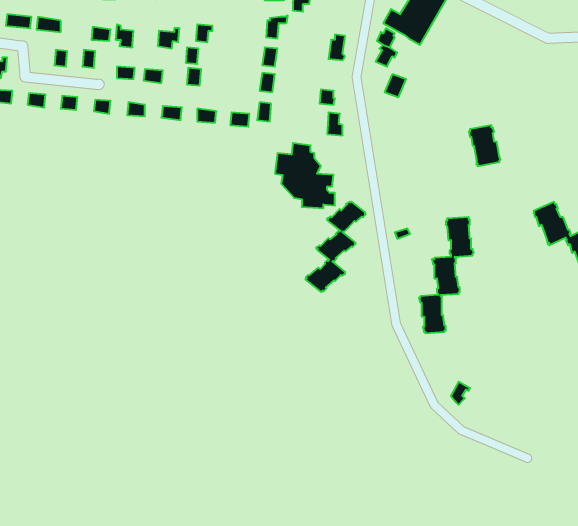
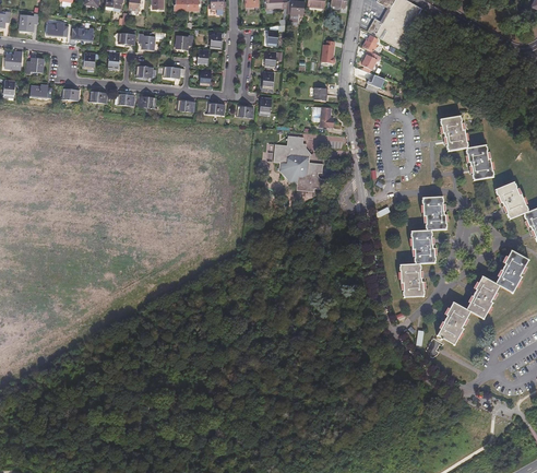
building: none -> [466,145,493,180]
building: [305,202,366,292] -> none
building: none -> [438,249,529,344]

